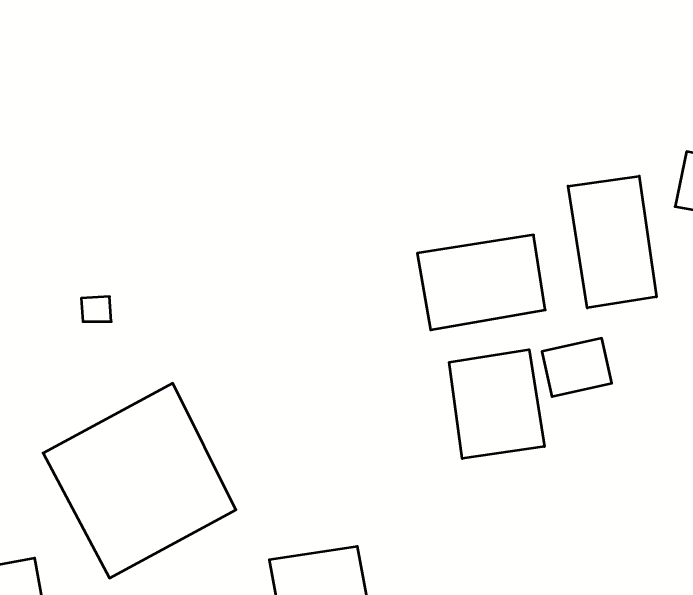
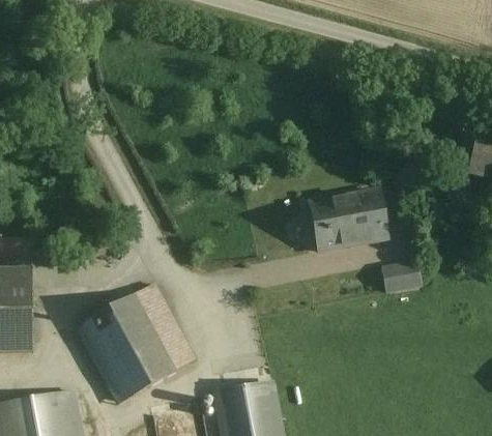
building: [568,176,656,308] -> none
building: [449,350,544,459] -> none

